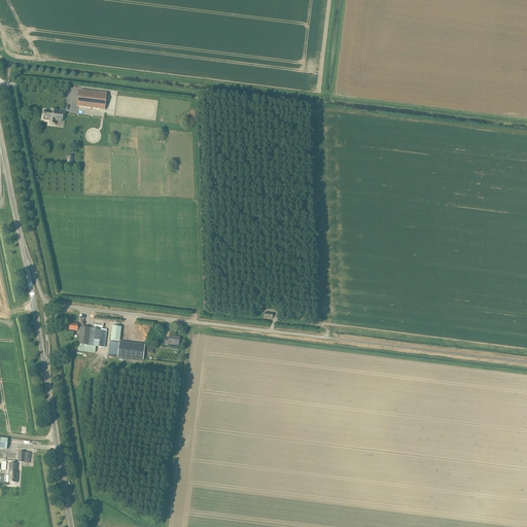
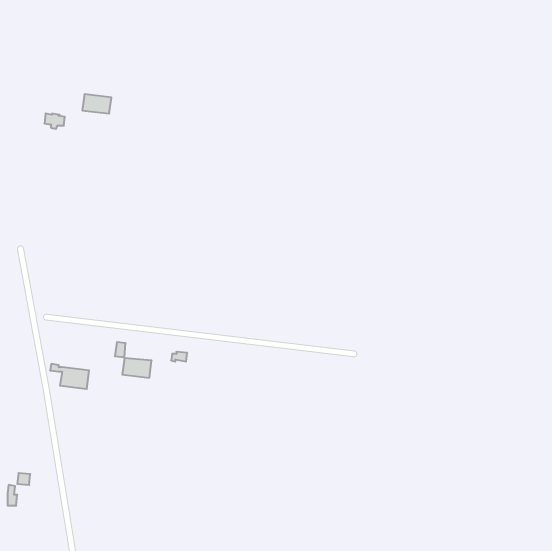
building: [68,322,105,346] -> [50,364,89,389]

